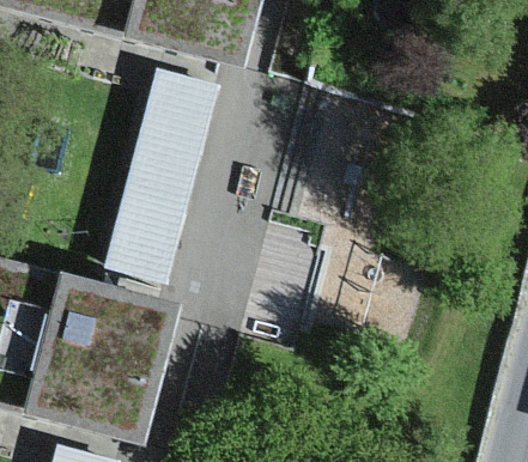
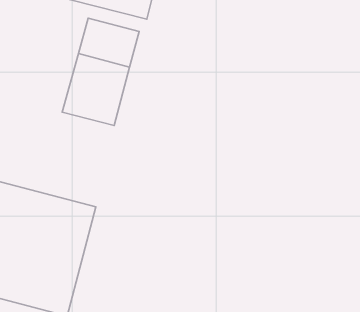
building: [104,186,190,284] -> none

